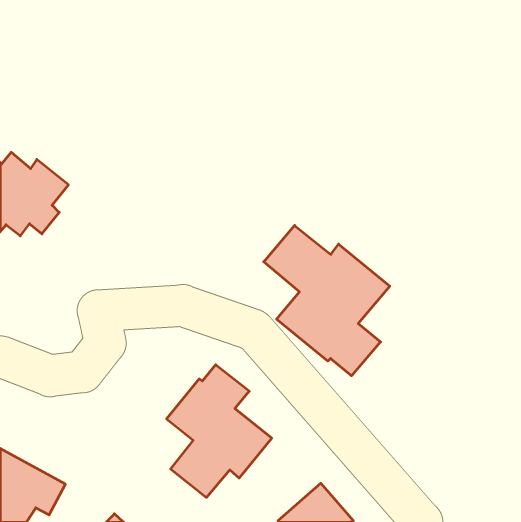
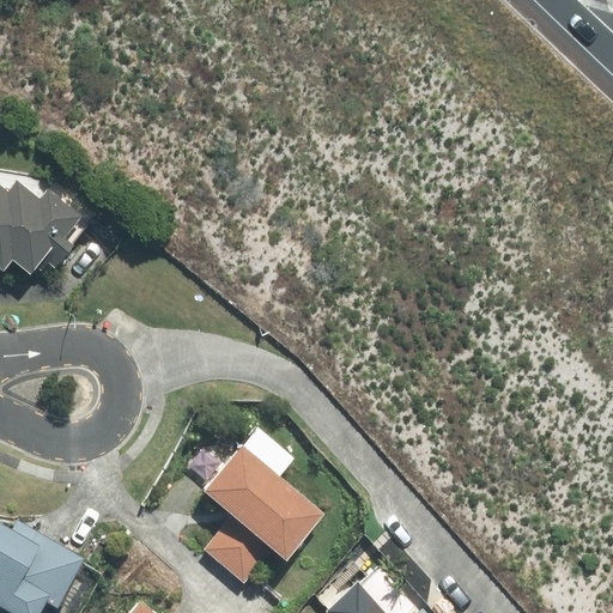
building: [264,225,390,376] -> none

